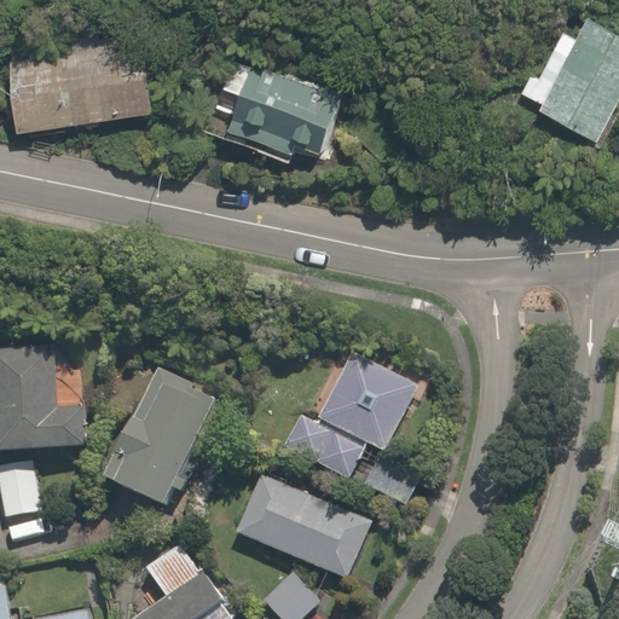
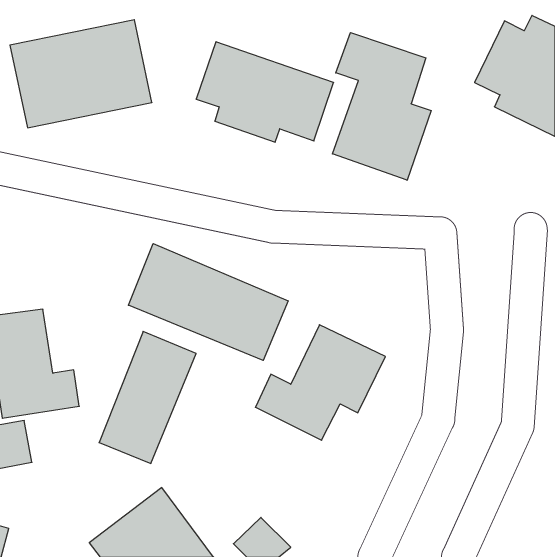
building: none -> [332,33,431,180]
building: none -> [128,244,288,360]
building: [235,468,374,579] -> none

